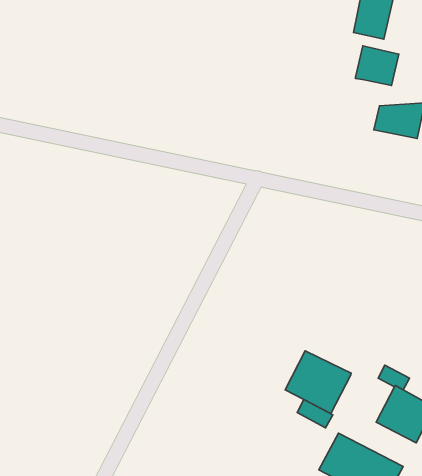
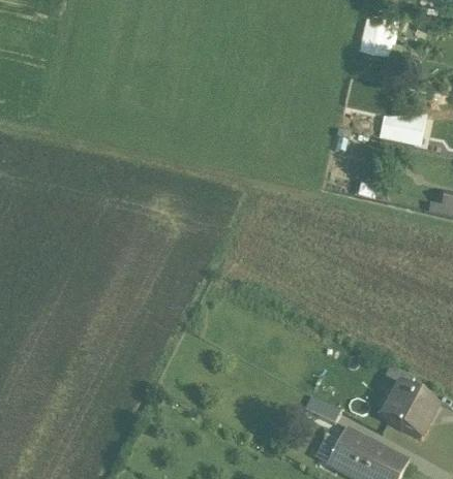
building: [355,46,399,85] -> none
building: [285,351,351,414] -> none

